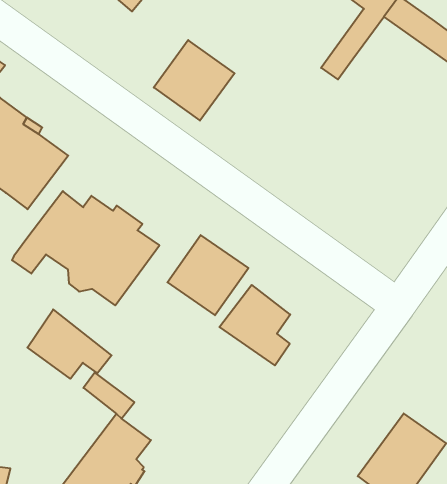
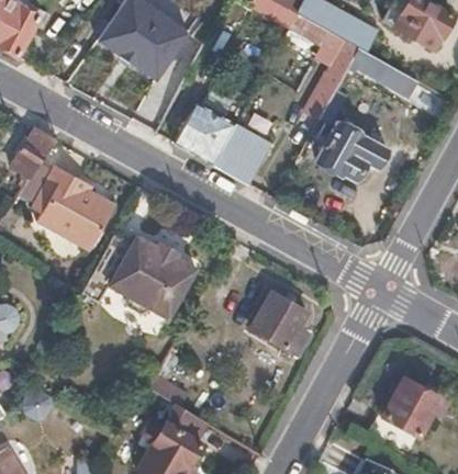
building: none -> [215,124,272,184]
building: none -> [319,121,390,179]
building: [167,235,248,315] -> none
building: [27,309,112,379] -> none

